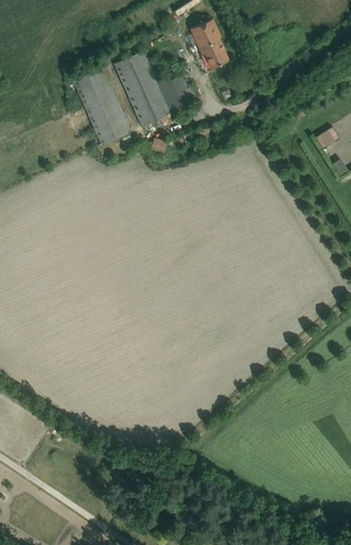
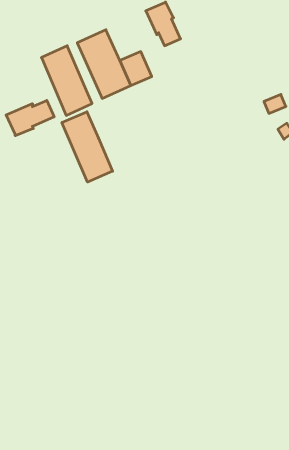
building: none -> [6,100,54,136]
building: none -> [62,112,113,182]

